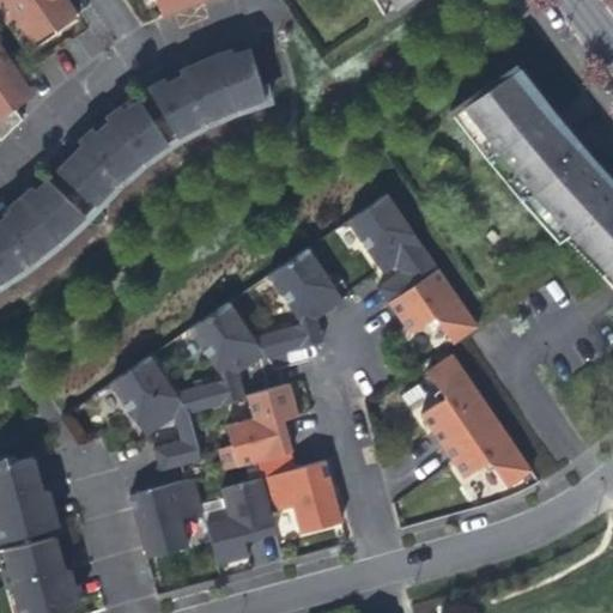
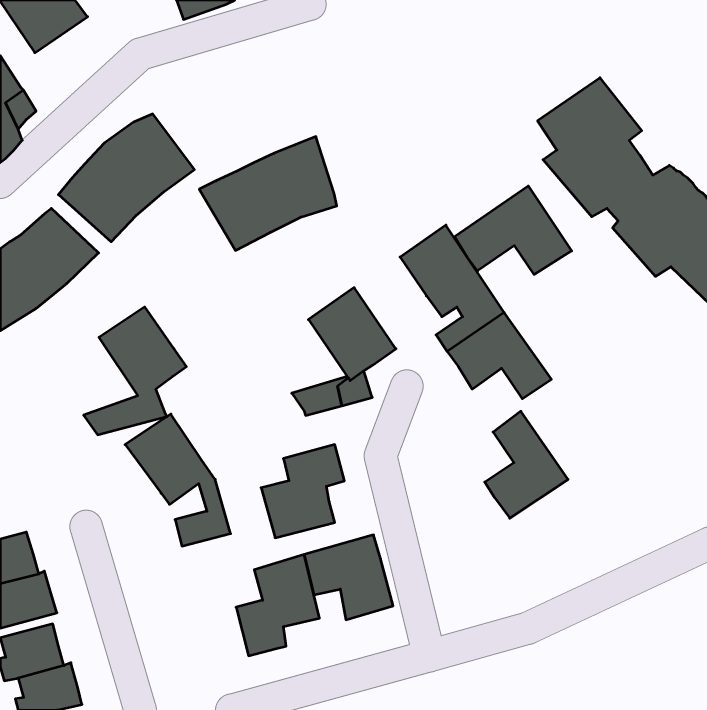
building: [147,42,266,140] -> [199,137,337,250]
building: none -> [455,186,572,274]
building: [176,303,265,413] -> [84,307,186,435]
building: [442,413,532,487] -> none
building: [129,479,202,558] -> none

